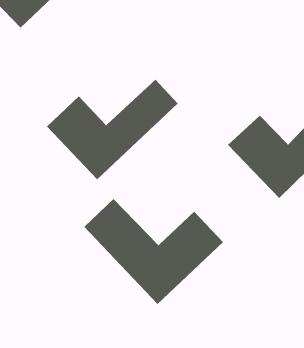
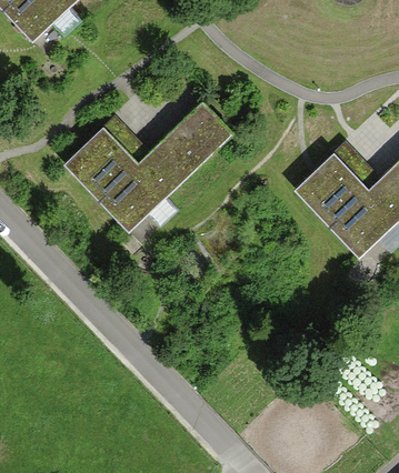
building: [84,198,224,305] -> none

